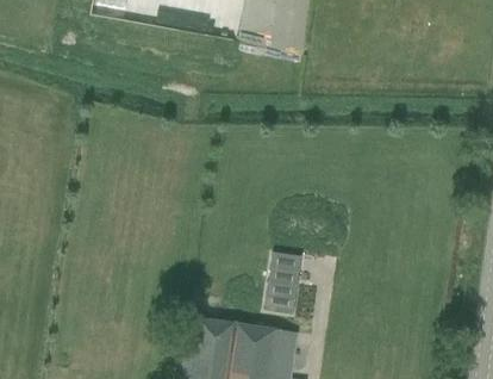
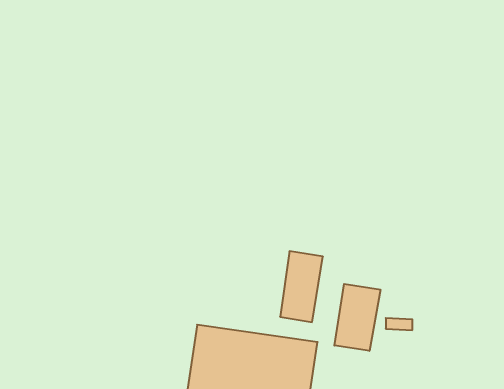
building: none -> [334,284,380,351]

